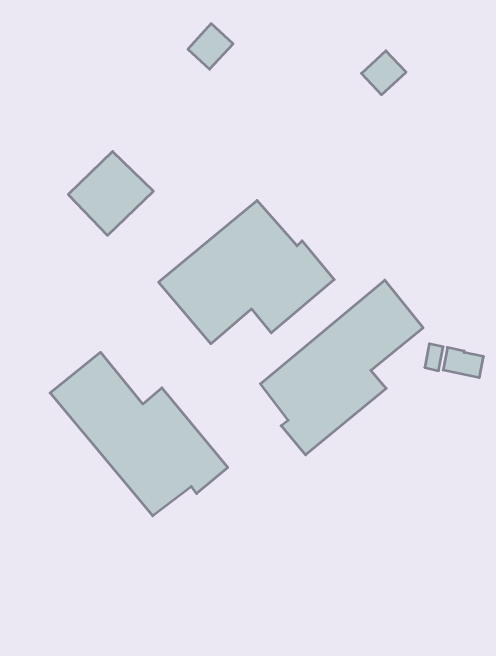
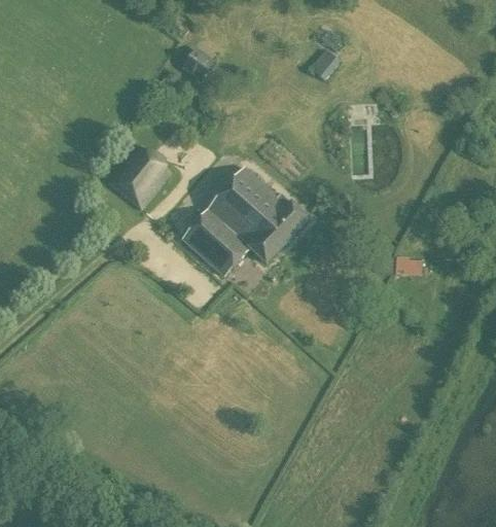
building: [260,280,423,455] -> none
building: [50,352,228,516] -> none

